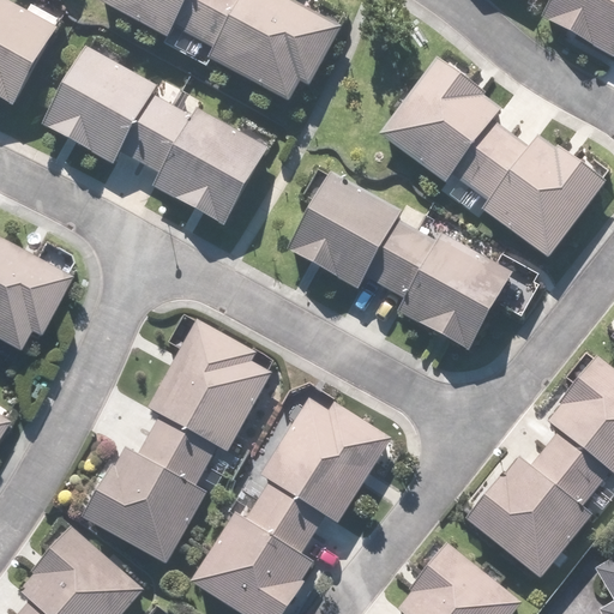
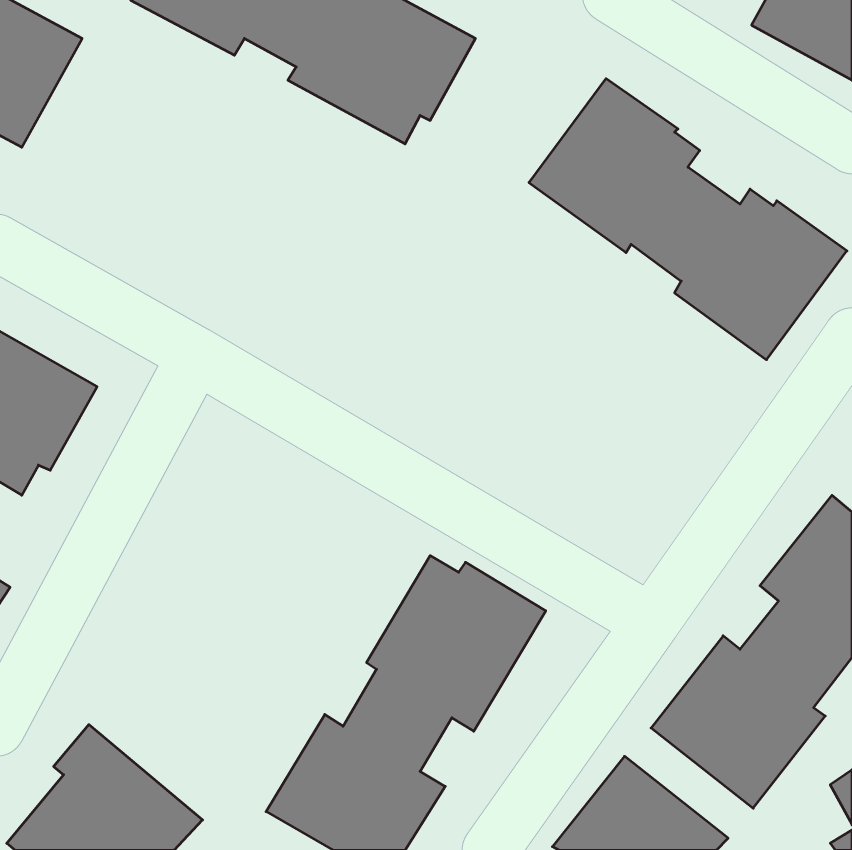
building: [42,46,270,225] -> none
building: [285,170,514,353] -> none
building: [80,319,272,566] -> none

